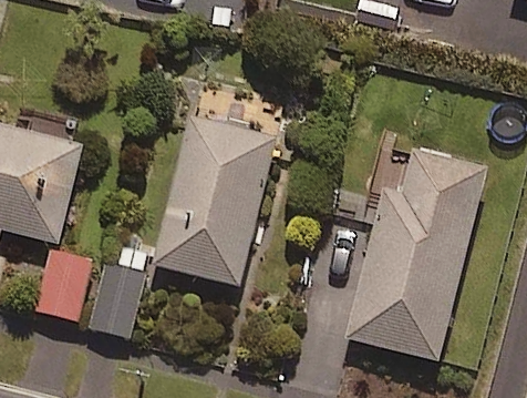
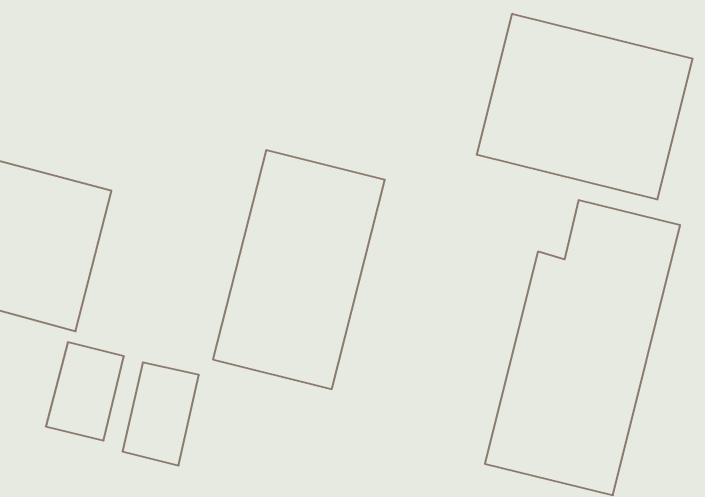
building: none -> [477,14,693,200]

